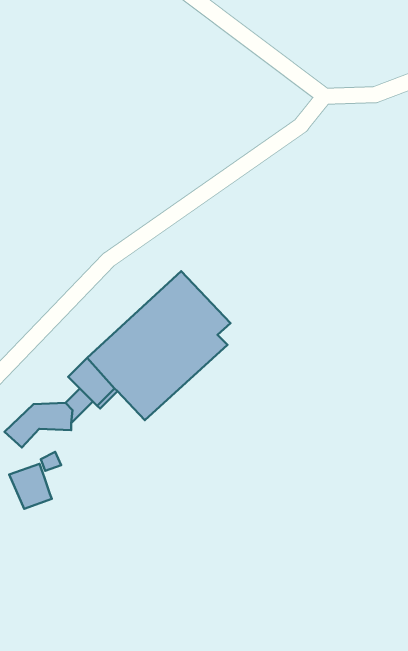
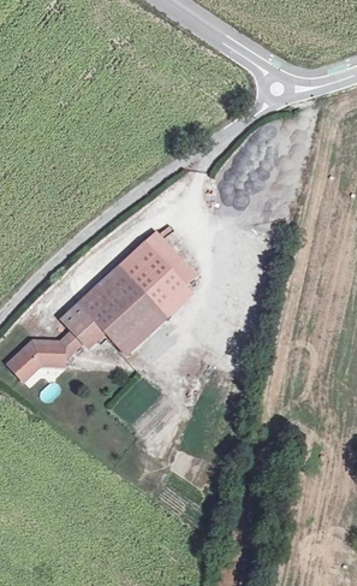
building: [9,464,52,509] -> none

